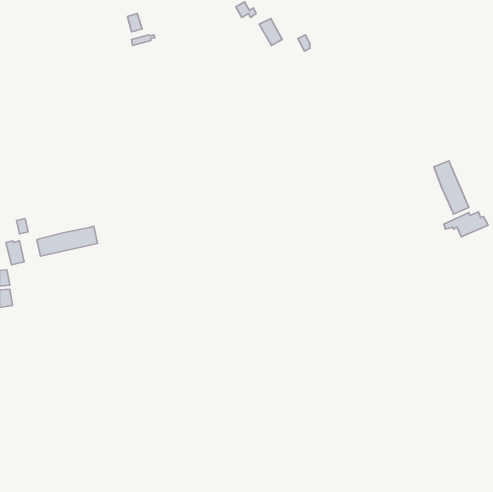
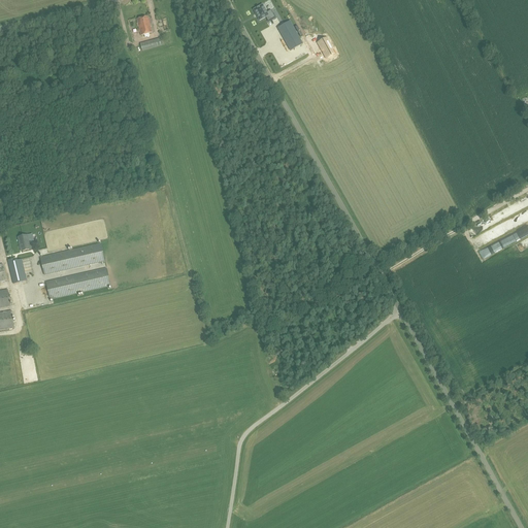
building: [434,161,469,214] -> none
building: none -> [45,266,110,299]

